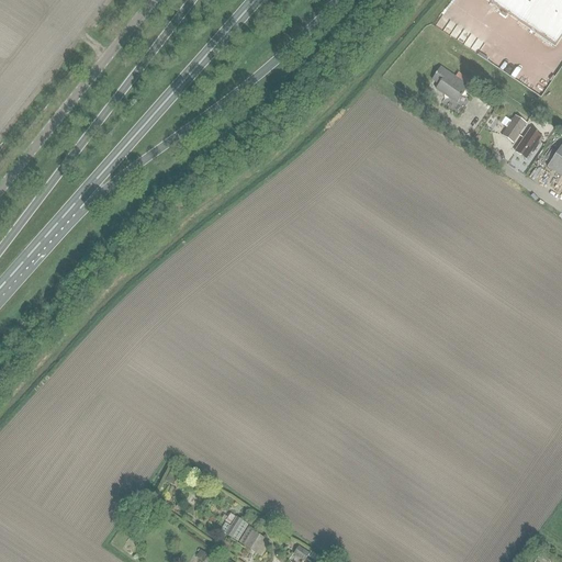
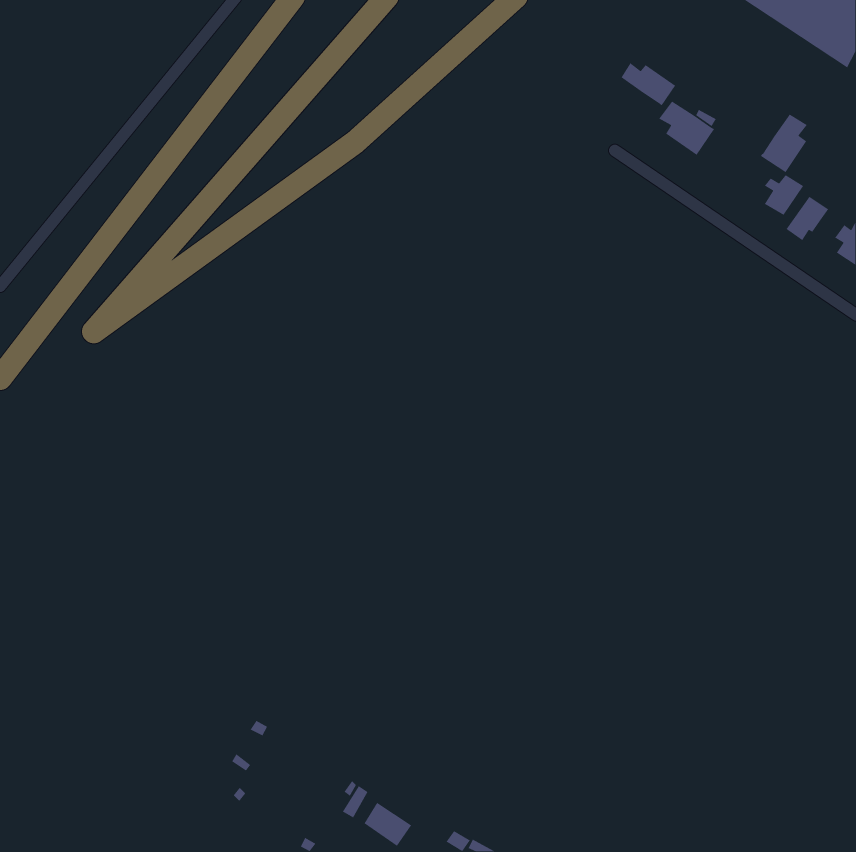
building: none -> [621,62,676,107]
building: none -> [760,113,808,173]

